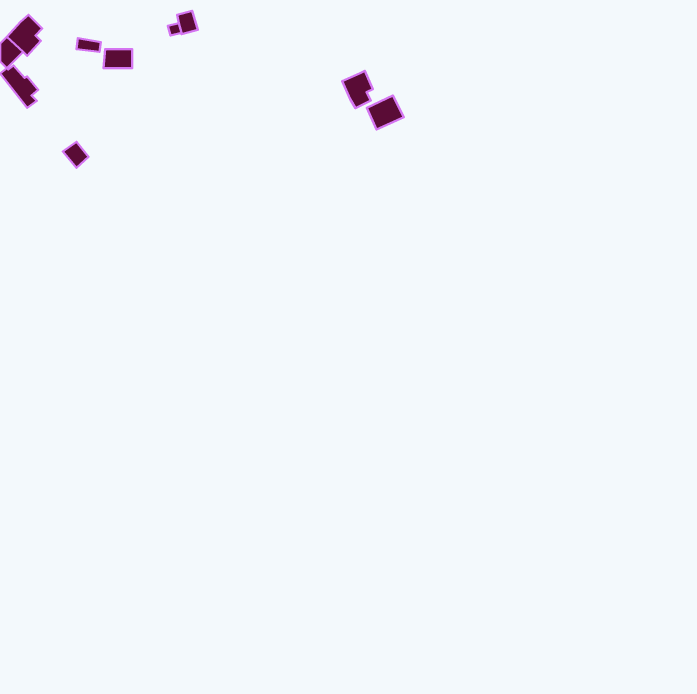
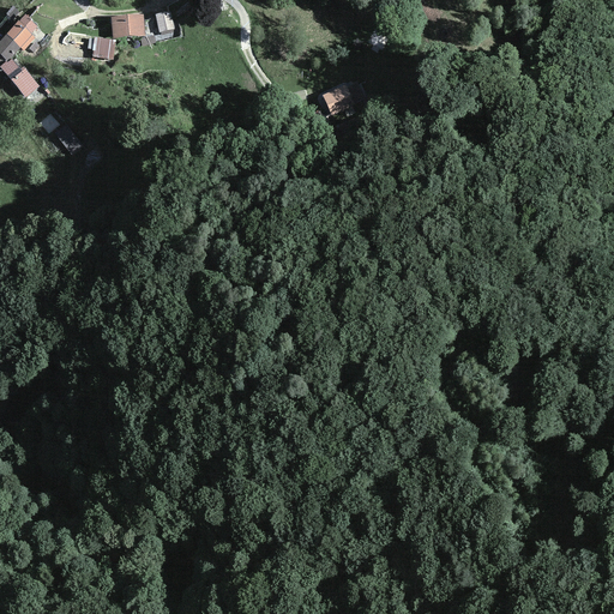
building: none -> [110,13,145,37]
building: [342,71,373,108] -> none

